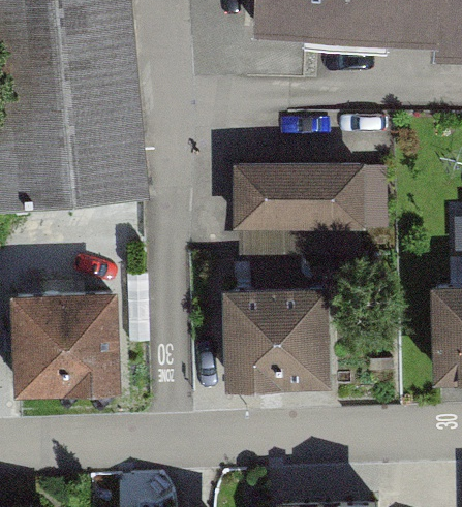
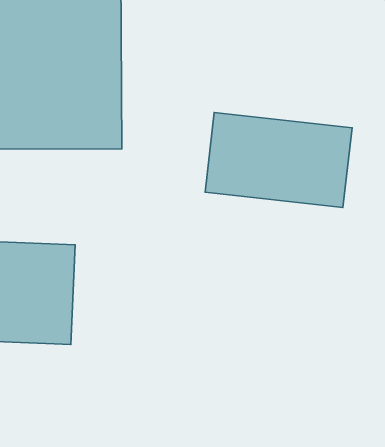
building: [225,287,334,392] -> none

